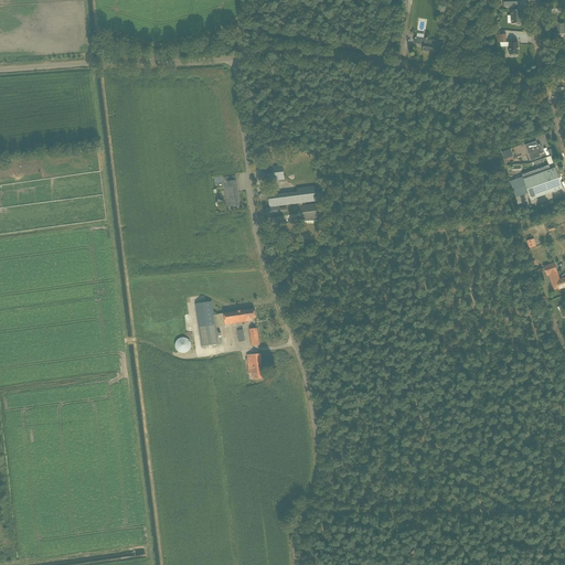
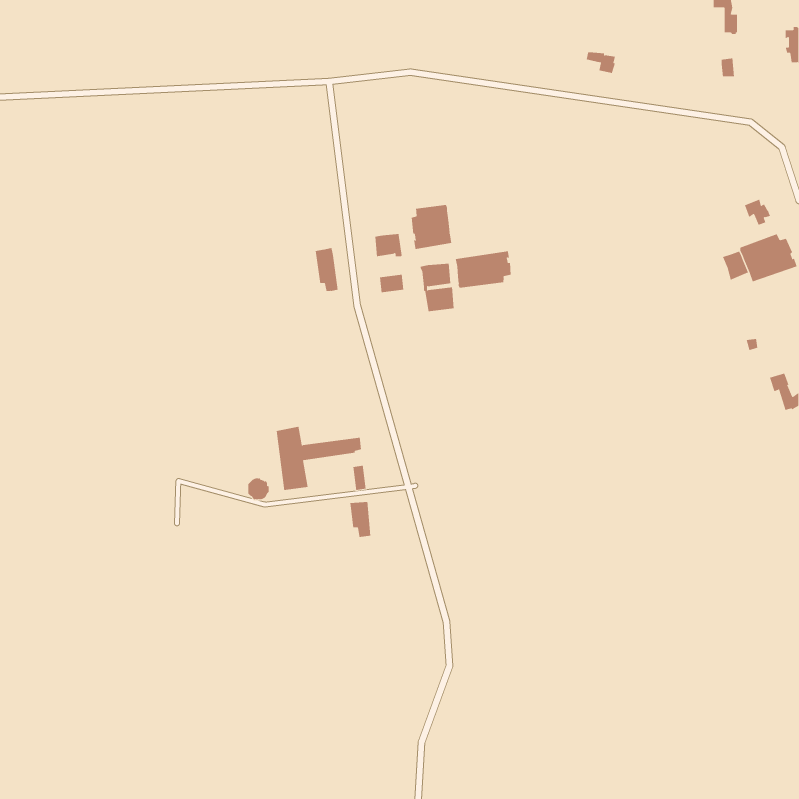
building: none -> [411,204,452,250]
building: none -> [455,250,511,289]

